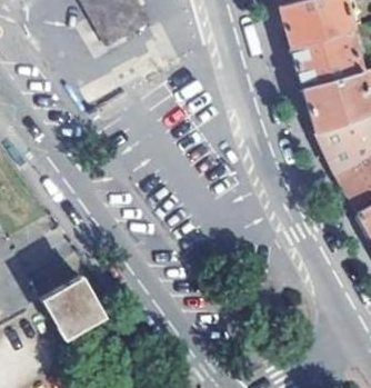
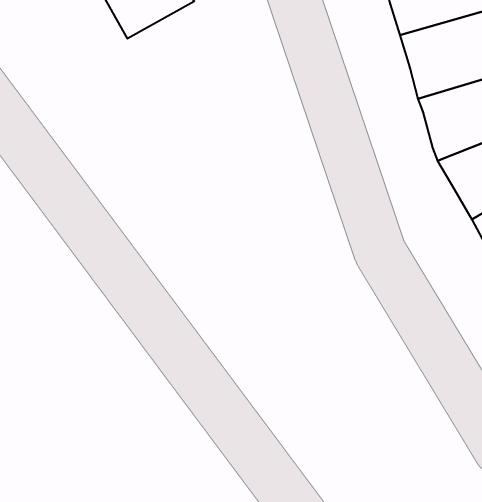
building: [38,275,99,336] -> none

